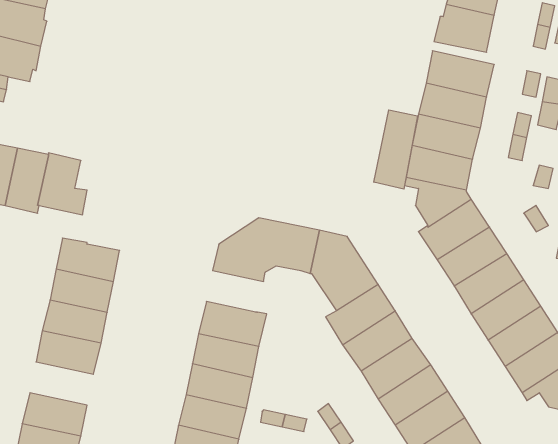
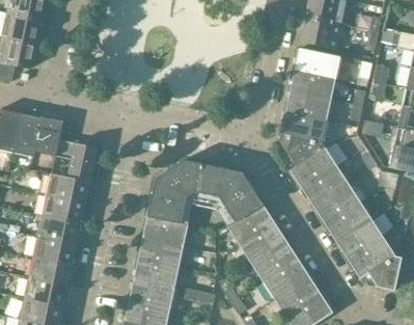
building: [374,110,417,189] -> none
building: none -> [64,140,98,181]
building: none -> [147,194,186,222]
building: none -> [29,255,72,285]

